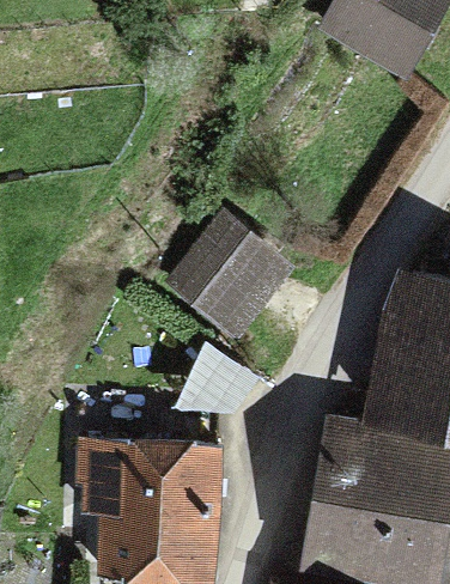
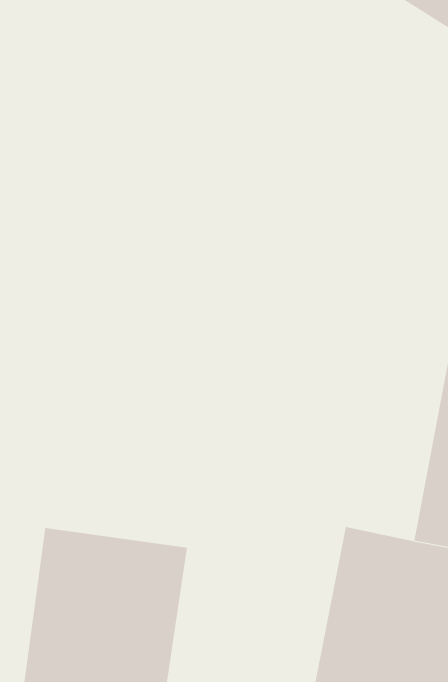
building: [171,214,282,326] -> none

